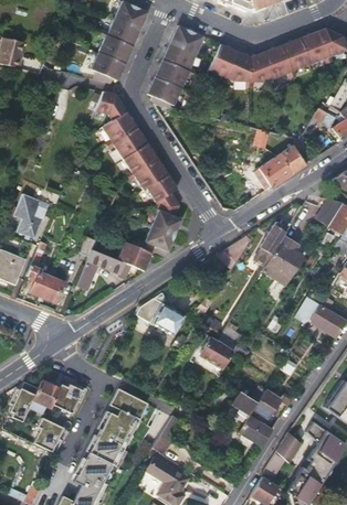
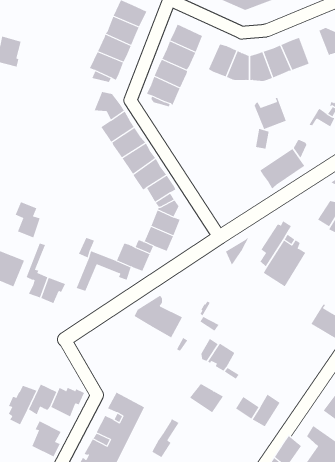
building: [299,31,328,64] -> none
building: none -> [254,97,287,130]
building: [241,417,275,447] -> [189,383,224,413]

